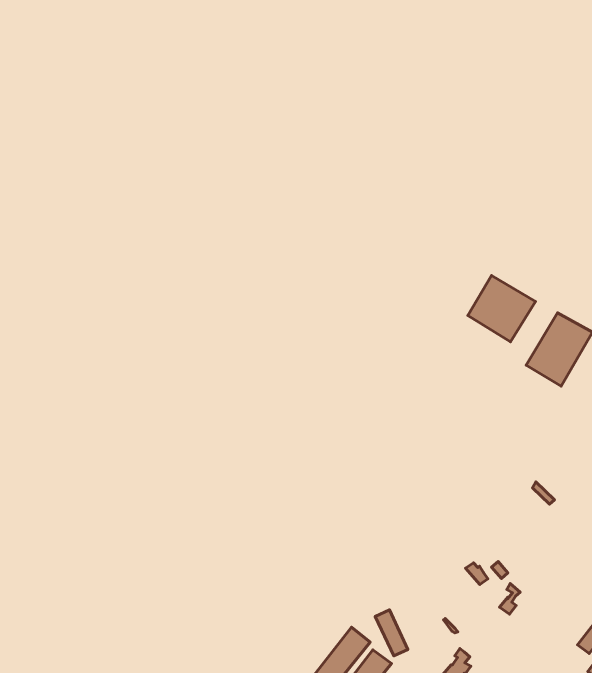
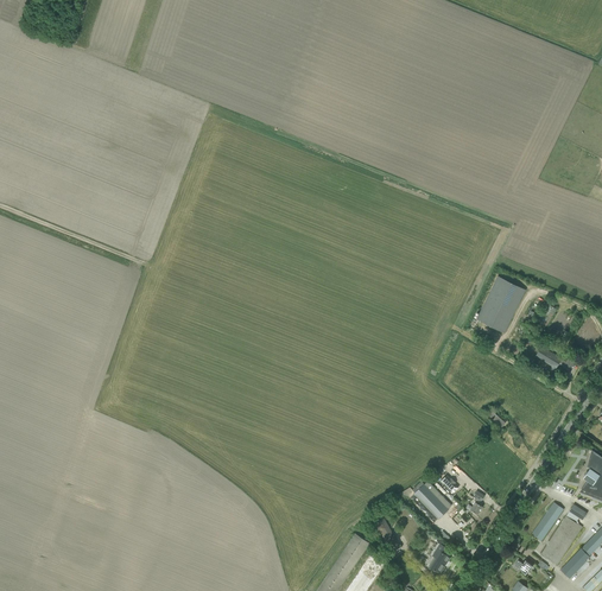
building: [468,275,536,342] -> none
building: none -> [397,481,451,522]

